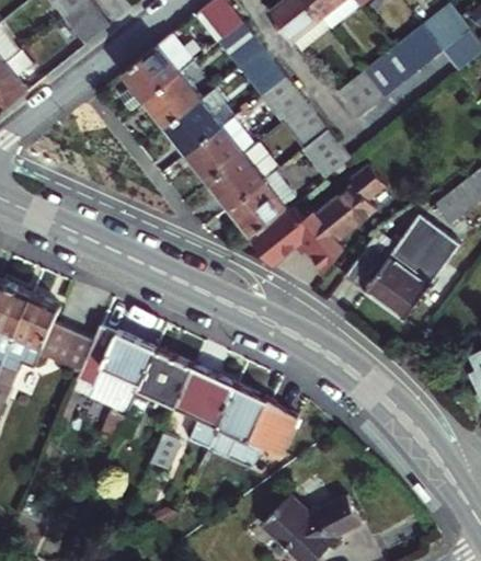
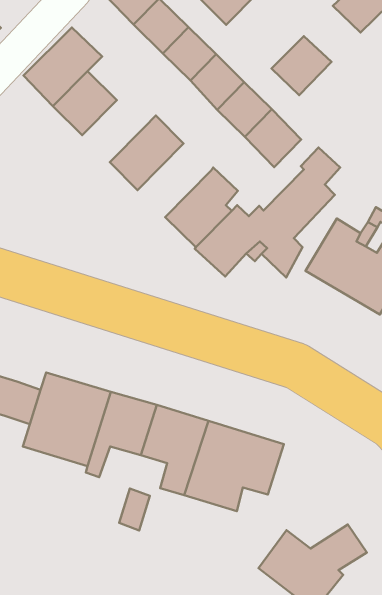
building: [365,46,414,94] -> none
building: [162,103,217,156] -> none
building: [204,148,270,209] -> none

